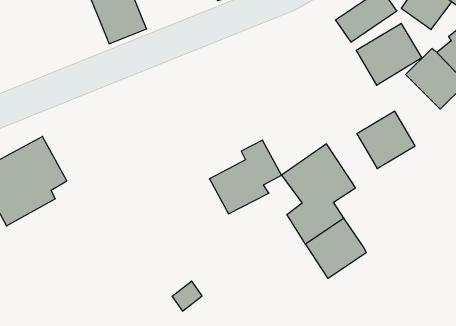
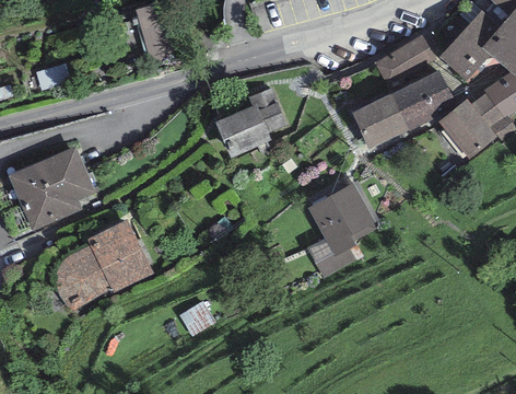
building: [357,111,415,169] -> [352,93,408,148]
building: [209,140,282,214] -> [214,88,285,157]
building: none -> [56,219,155,311]
building: [306,218,366,278] -> none

